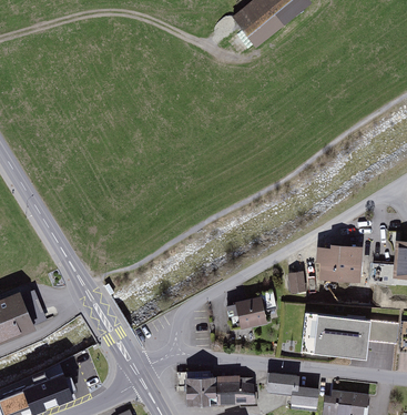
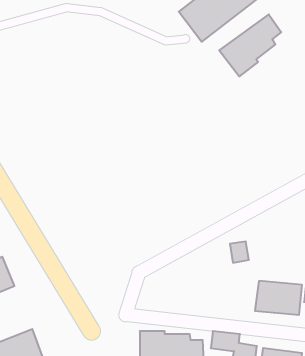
building: none -> [219,14,281,76]
building: [315,245,363,284] -> none
building: [233,297,269,330] -> none

